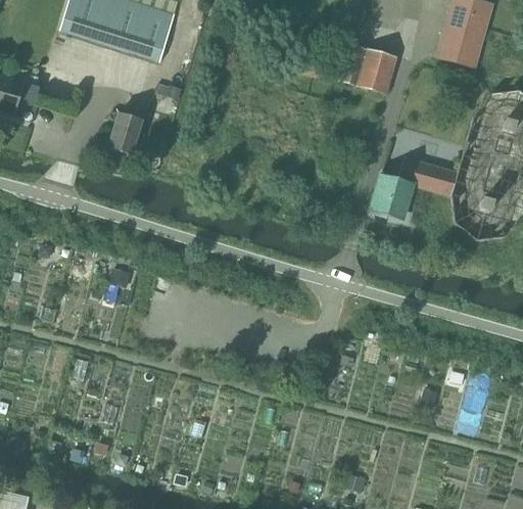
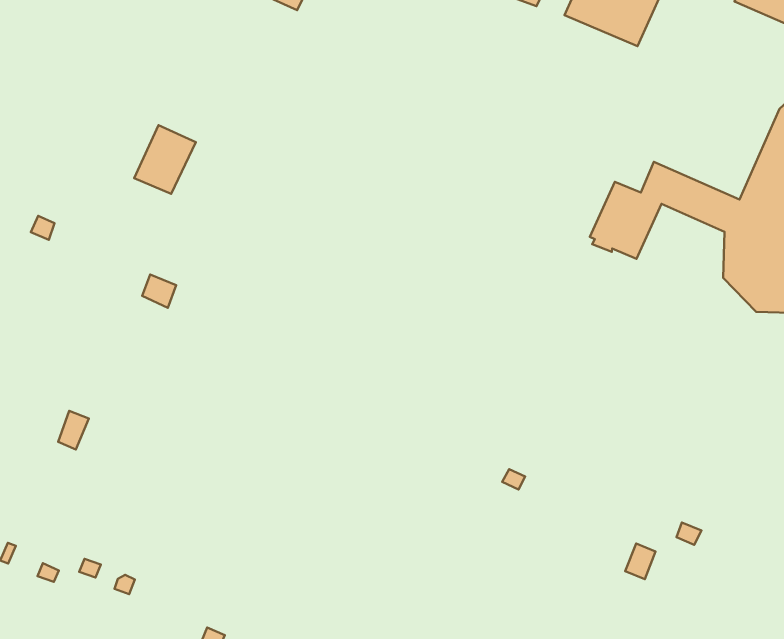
building: [109,113,143,153] -> [134,125,196,194]

